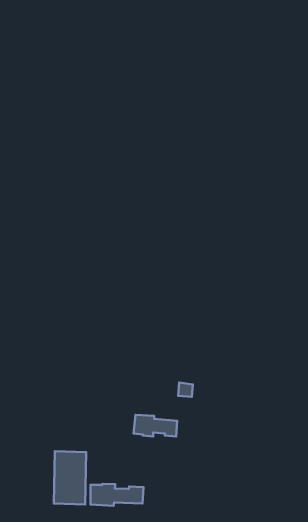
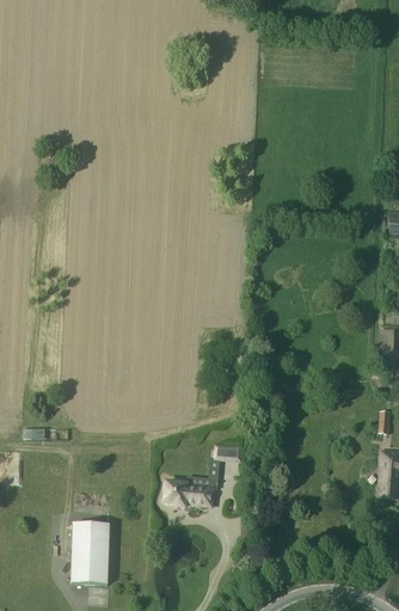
building: [90,484,143,506] -> none

